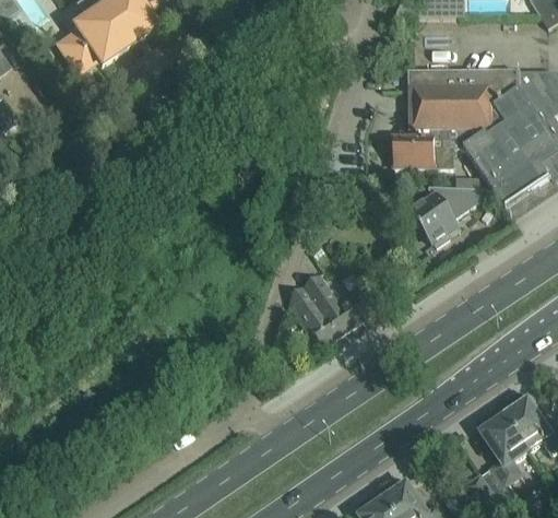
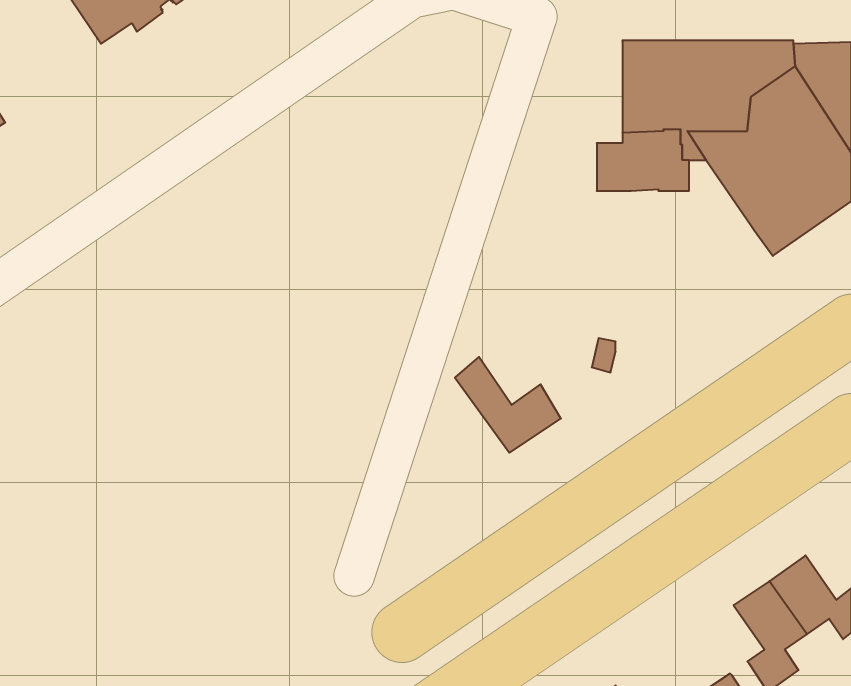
building: [409,186,494,243] -> none
building: [287,285,337,343] -> none

